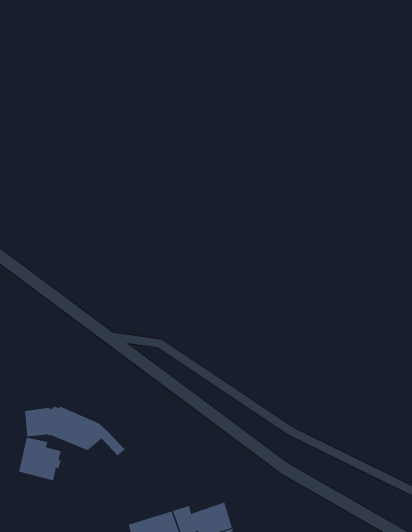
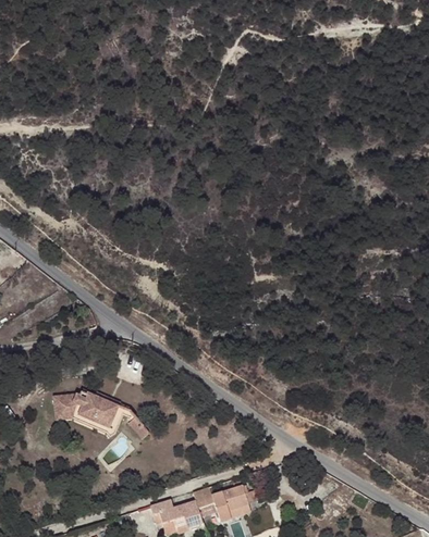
building: [18,437,62,481] -> none

